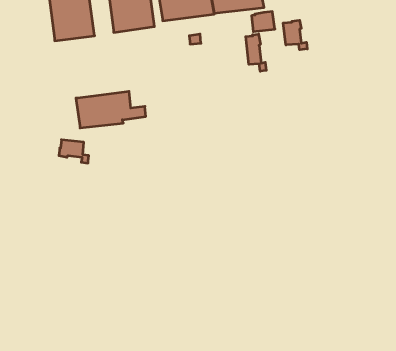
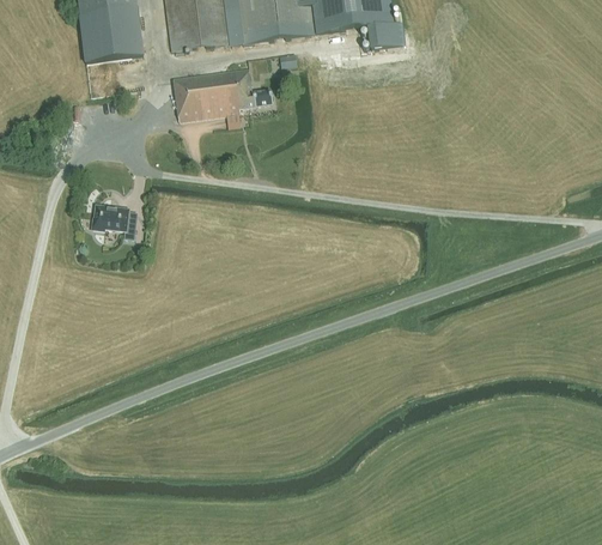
building: [283,20,307,50] -> none
building: [246,34,266,71] -> none
building: [76,91,146,128] -> [172,69,273,122]

